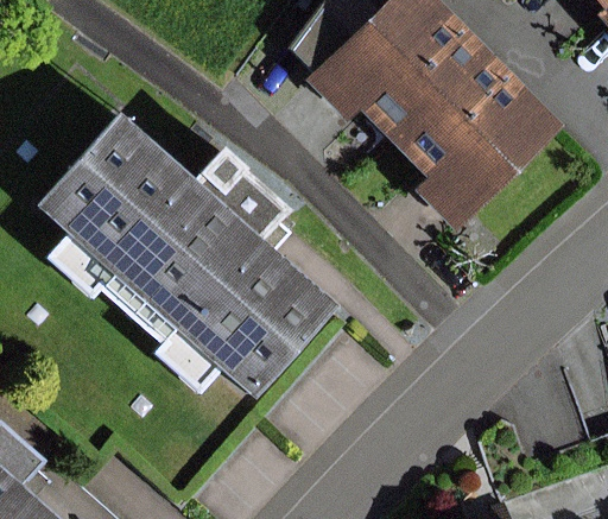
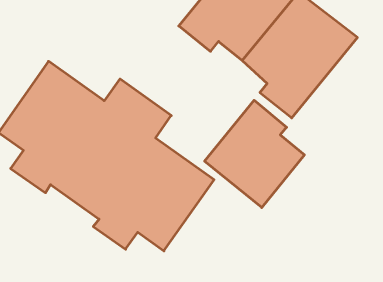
building: none -> [205,100,304,208]

